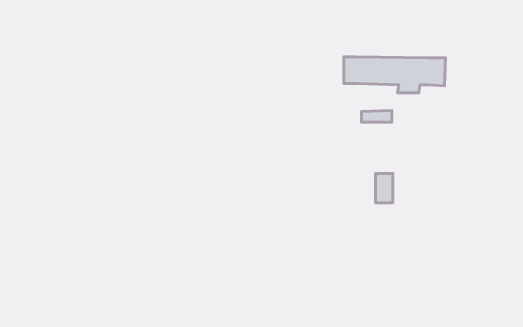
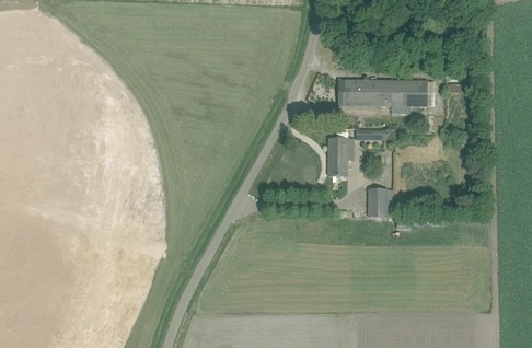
building: none -> [328,138,347,175]

